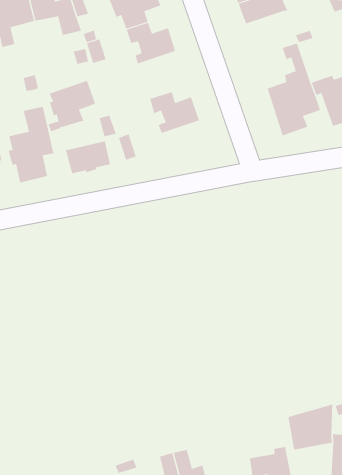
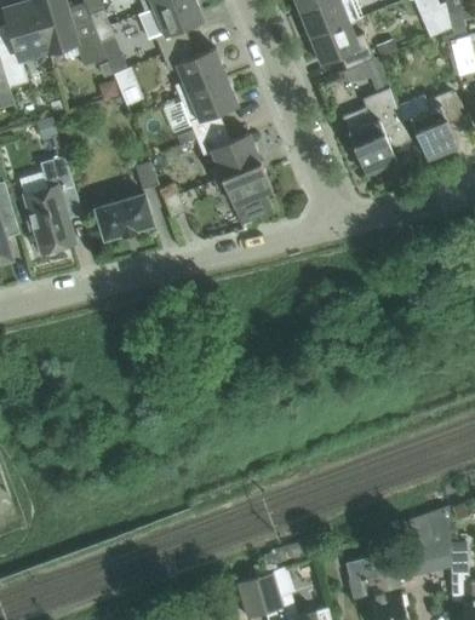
building: none -> [310,18,373,70]
building: [48,80,96,132] -> [178,76,238,144]
building: none -> [213,161,273,224]

